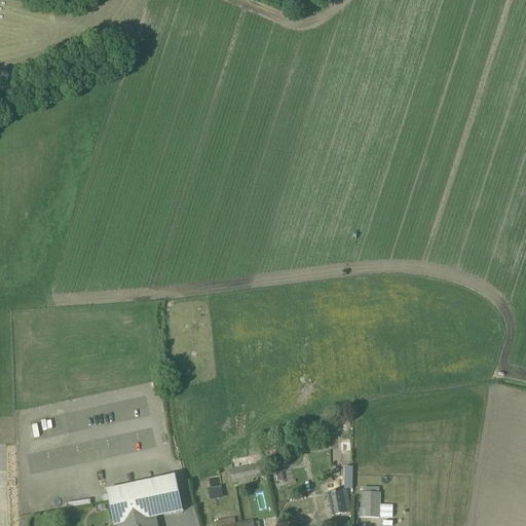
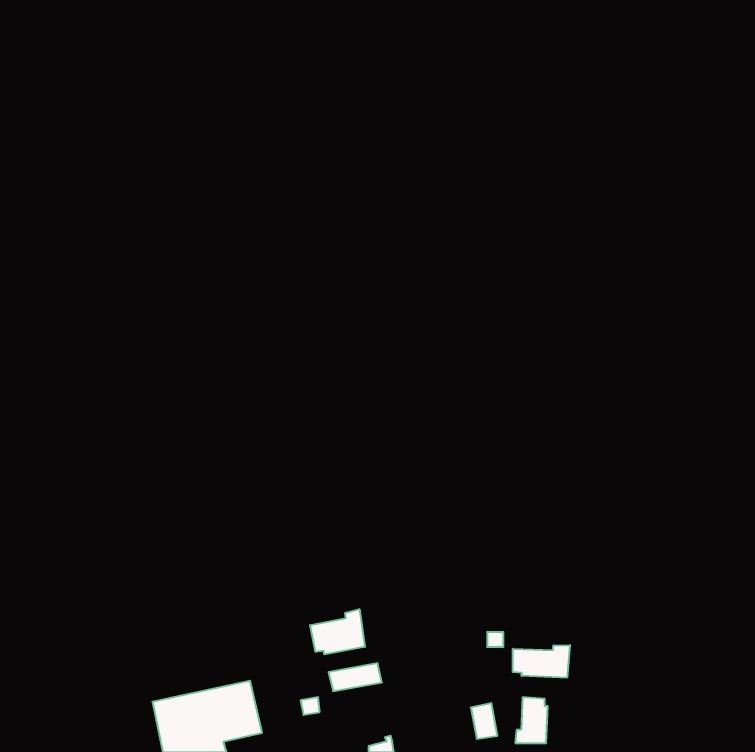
building: none -> [310,609,365,654]
building: none -> [513,645,570,678]

